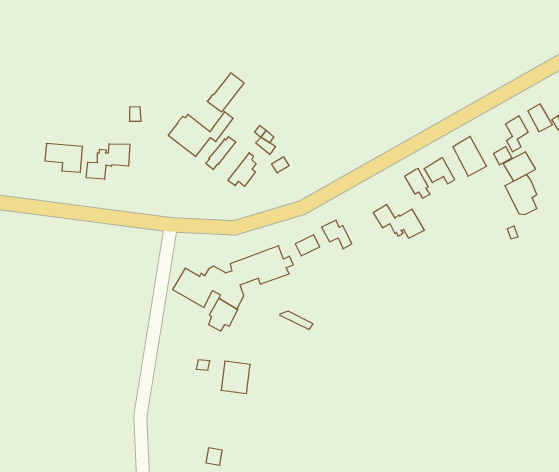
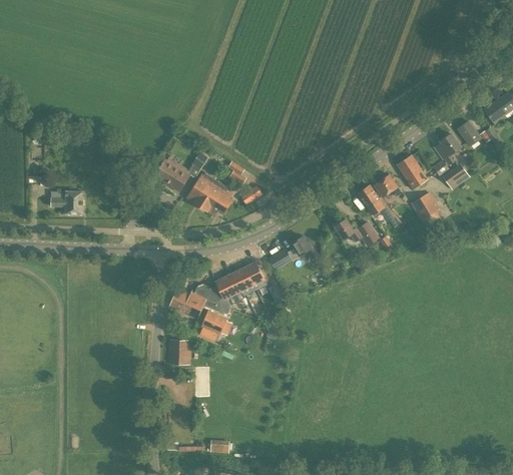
building: [207,73,244,112] -> [193,176,223,210]
building: [86,144,130,179] -> none
building: [505,175,537,214] -> [411,192,440,226]
building: [221,361,250,394] -> [167,339,190,365]

